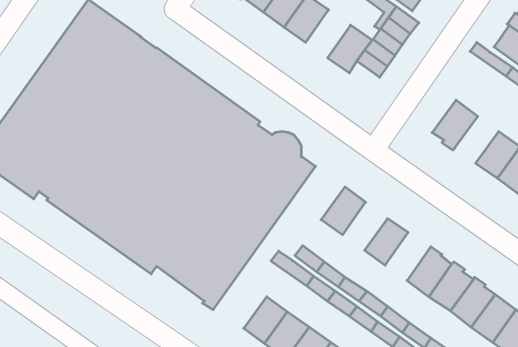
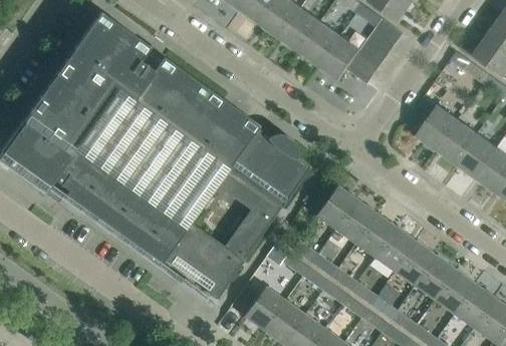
building: none -> [299,21,340,65]
building: none -> [437,119,477,162]
building: none -> [333,199,374,243]
building: none -> [372,225,414,271]

